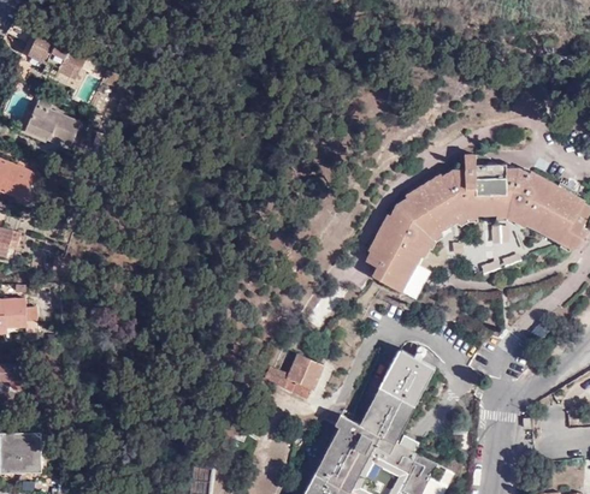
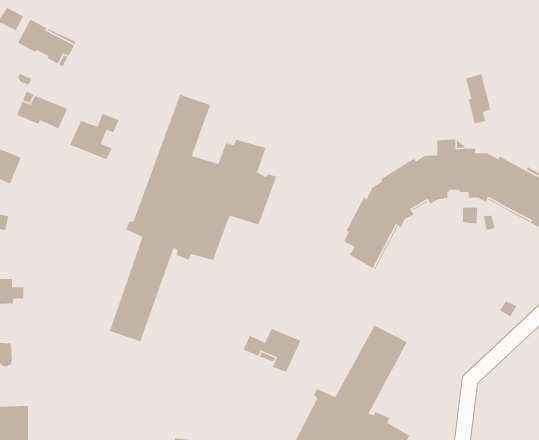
building: none -> [465,73,491,124]
building: none -> [109,94,277,342]
building: none -> [69,113,120,160]

